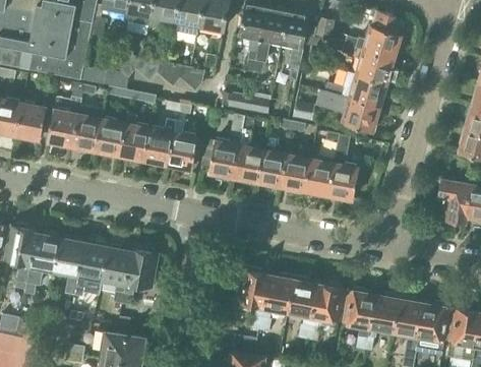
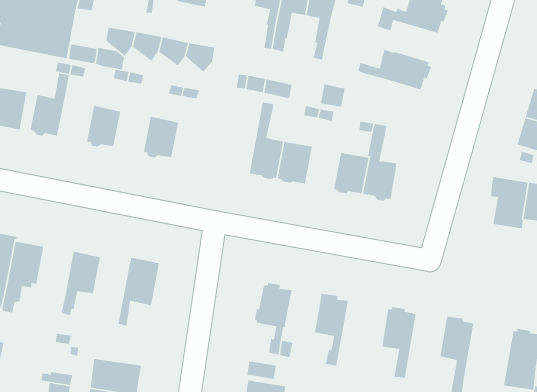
building: [356,50,394,82] -> none
building: [322,90,379,131] -> none
building: [72,106,105,151] -> none
building: [209,114,245,177] -> none
building: [120,115,151,161] -> none
building: [169,120,198,170] -> none
building: [282,154,311,191] -> none
building: [55,238,85,295] -> none
building: [103,247,133,304] -> none
building: [264,274,295,311] -> none
building: [308,284,344,342] -> none
building: [366,294,401,352] -> none
building: [416,302,448,355] -> none

